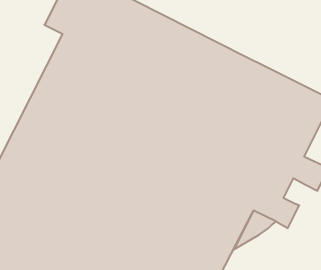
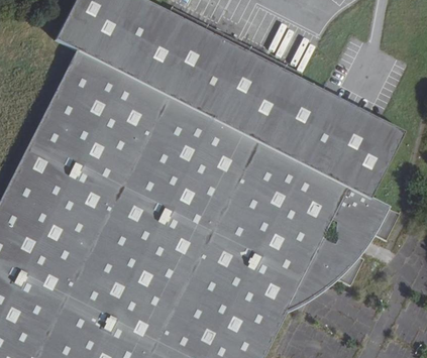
building: none -> [345,226,372,256]

